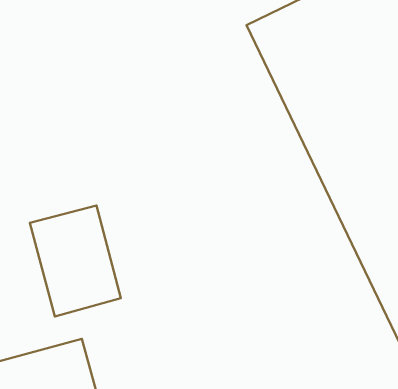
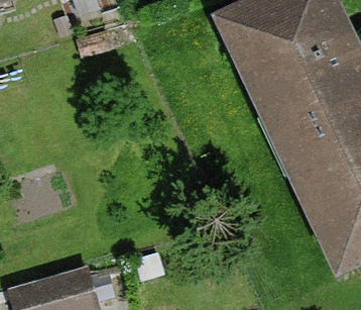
building: [30,206,121,317] -> none

